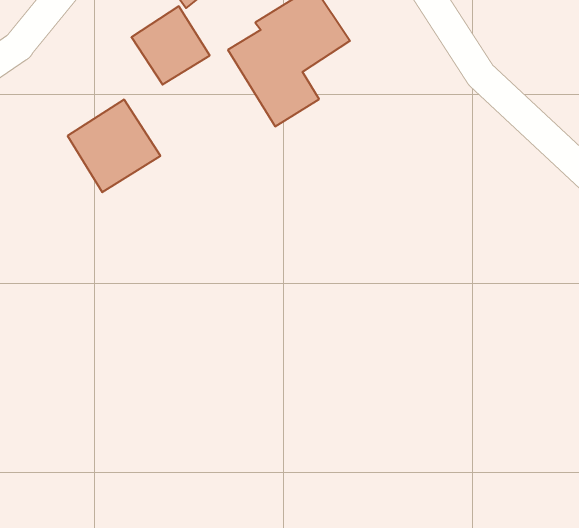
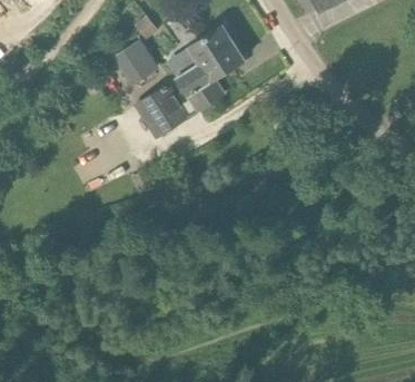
building: [68,100,160,192] -> [134,82,190,139]

